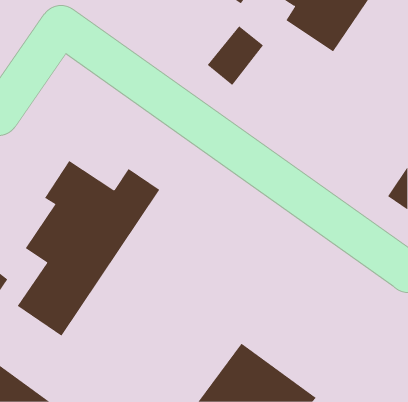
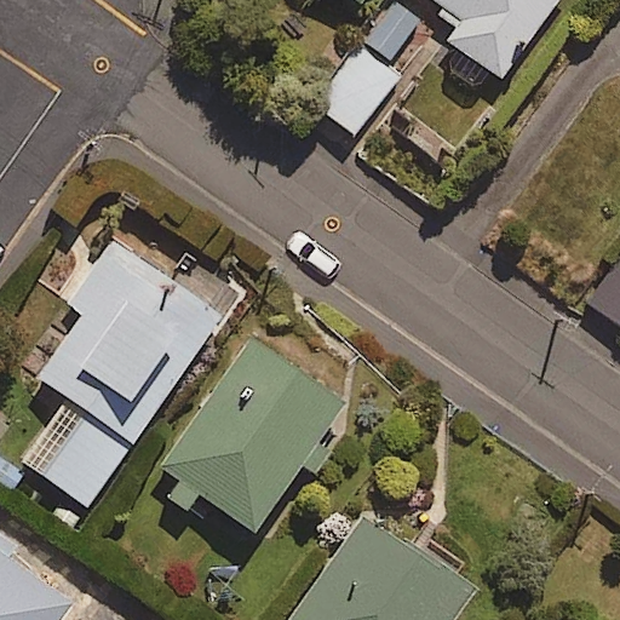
building: none -> [151,340,346,535]

